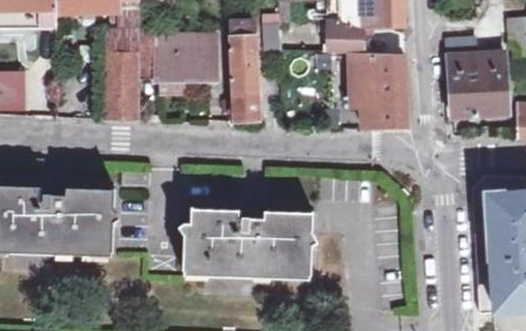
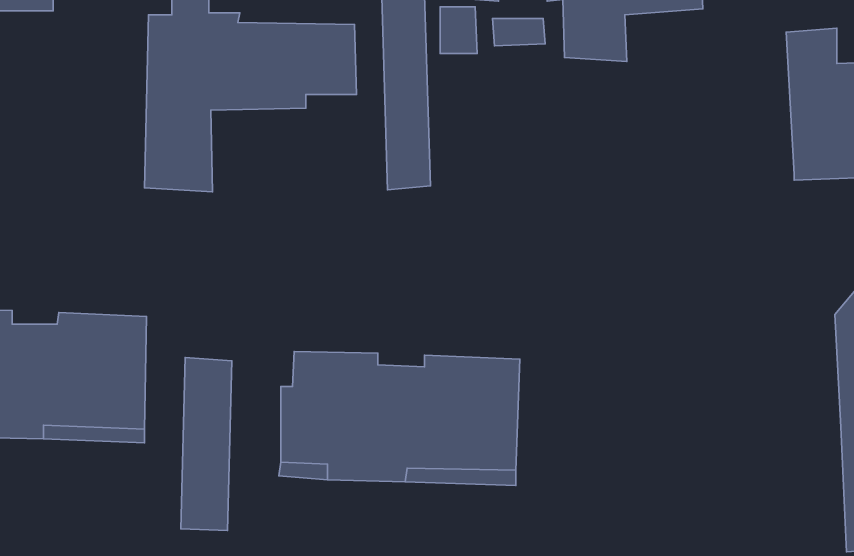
building: [358,57,408,127] -> none
building: none -> [181,357,232,530]

